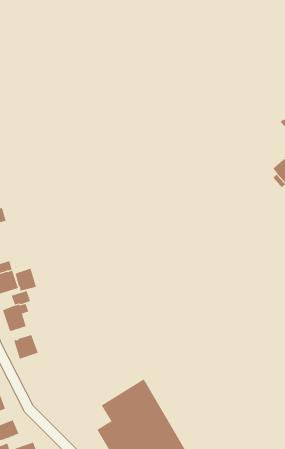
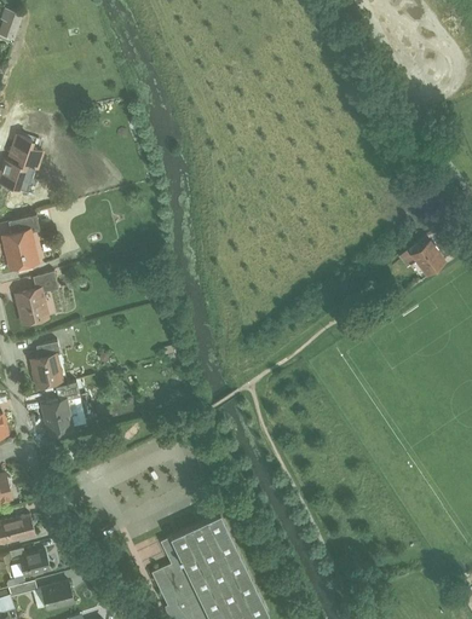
building: [15,268,36,291] -> none
building: [14,334,38,359] -> none

